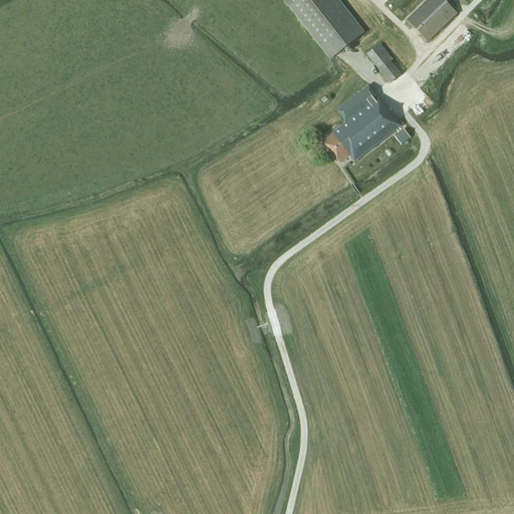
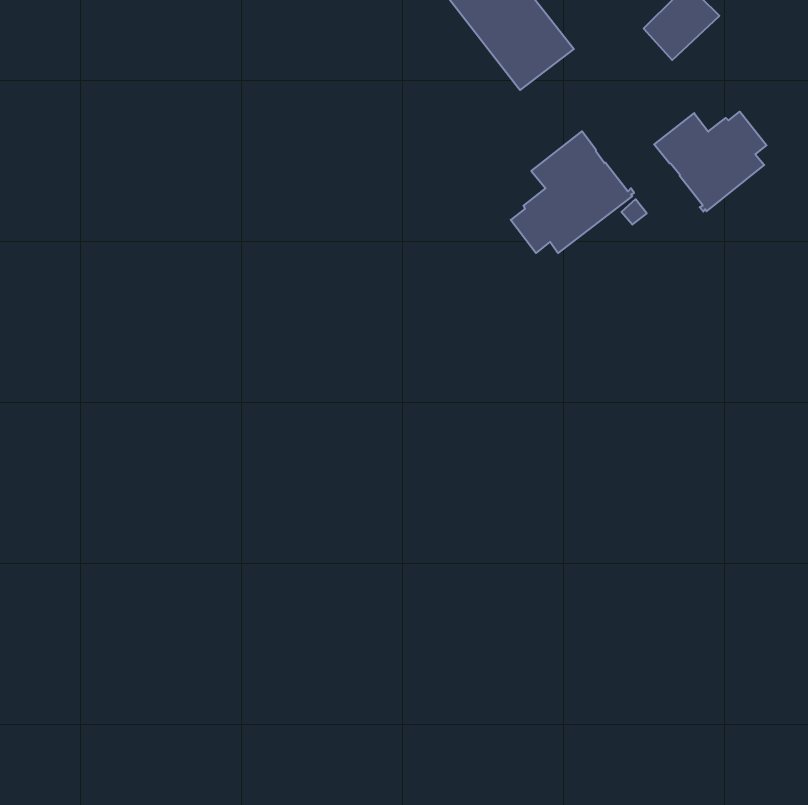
building: [367,42,401,81] -> none
building: none -> [654,112,767,212]

